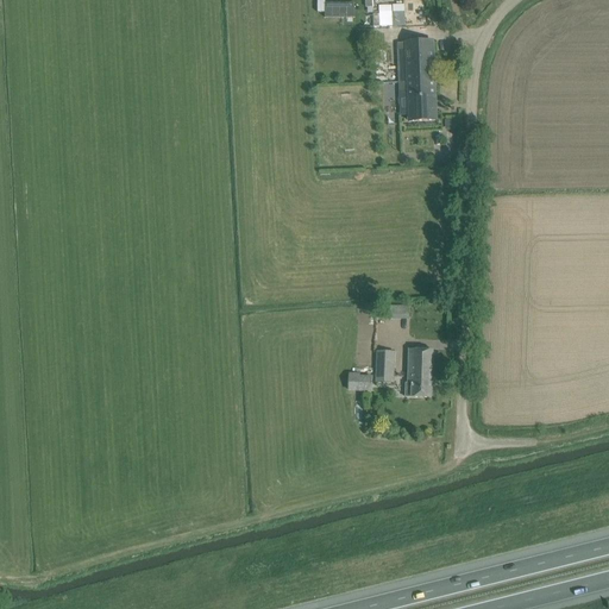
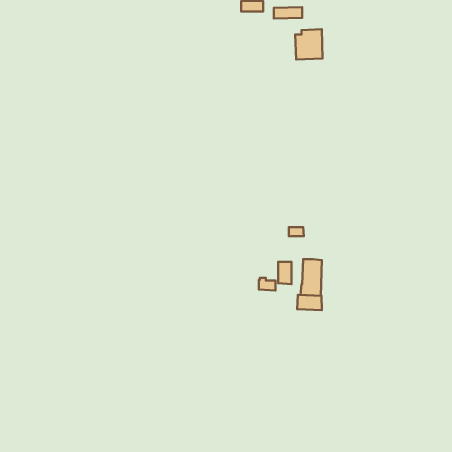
building: [397,79,434,119] -> none
building: none -> [297,295,322,310]

